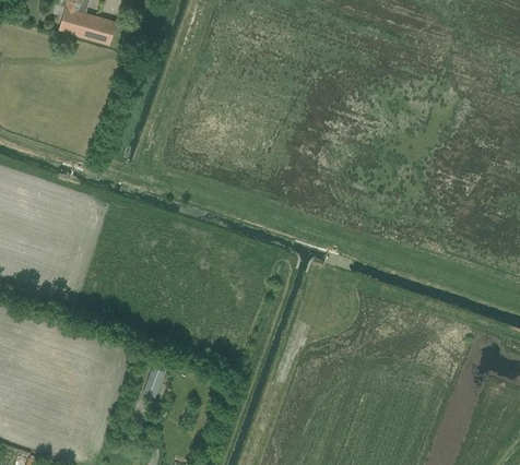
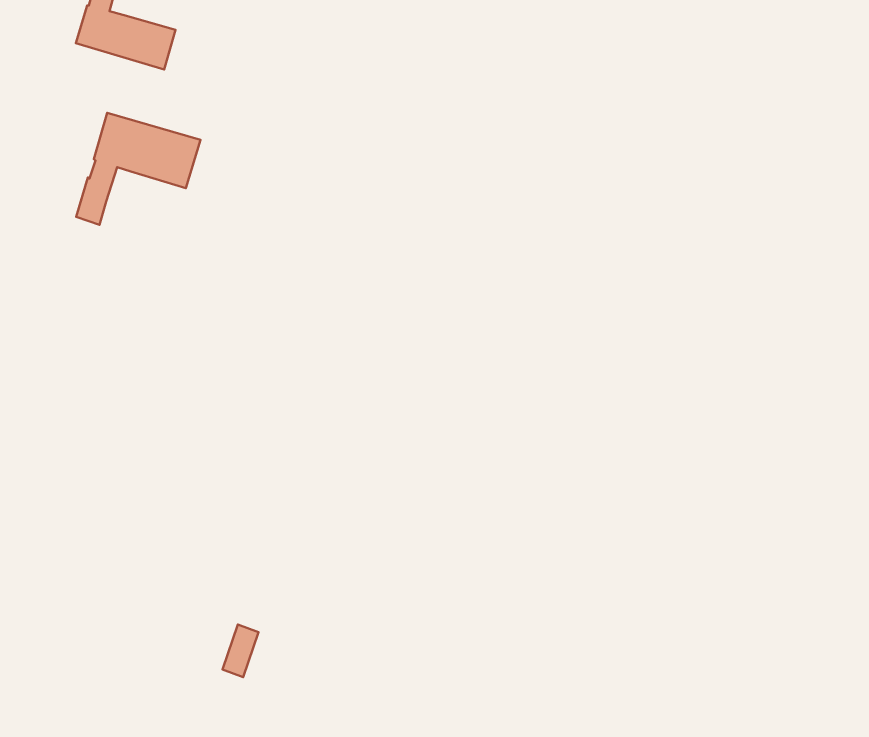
building: none -> [76,113,200,225]

